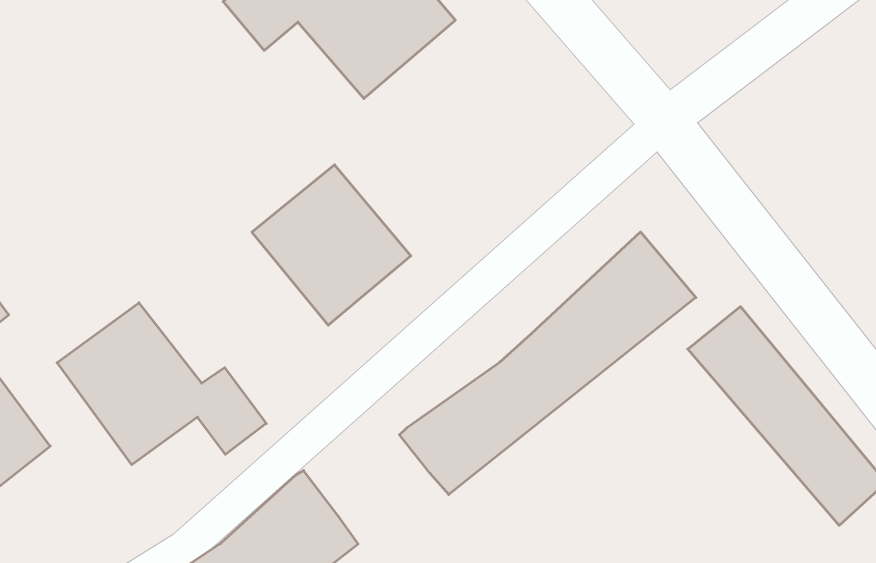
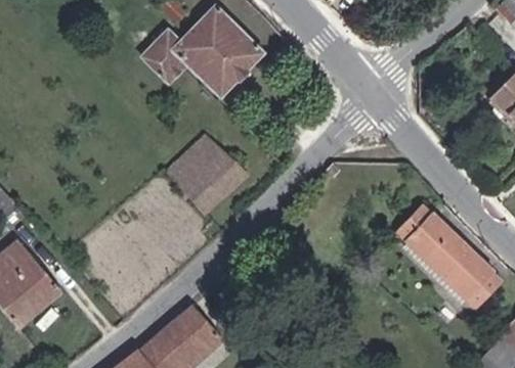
building: [399,232,696,495] -> none
building: [57,303,266,465] -> none

